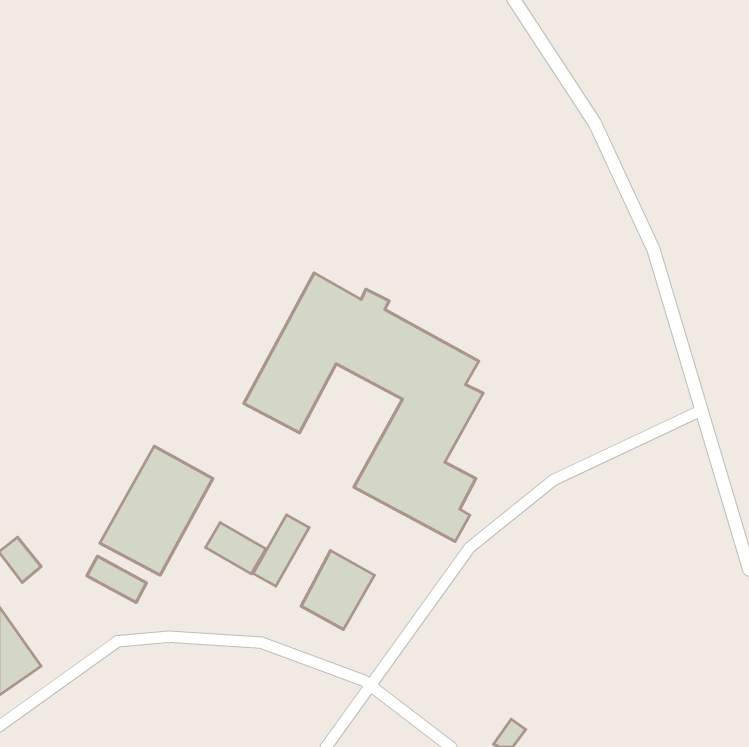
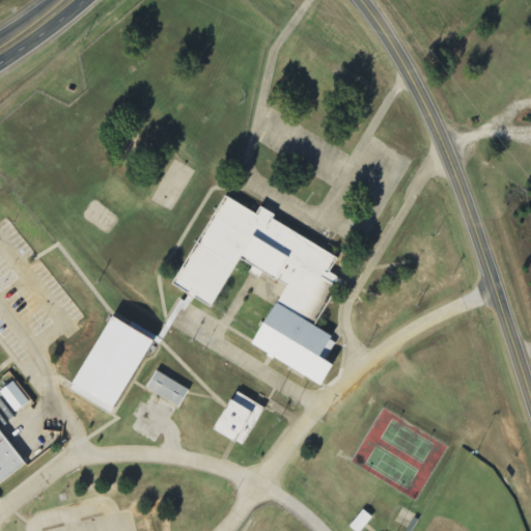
building: [253,515,309,586] -> none
building: [87,556,147,603] -> none

